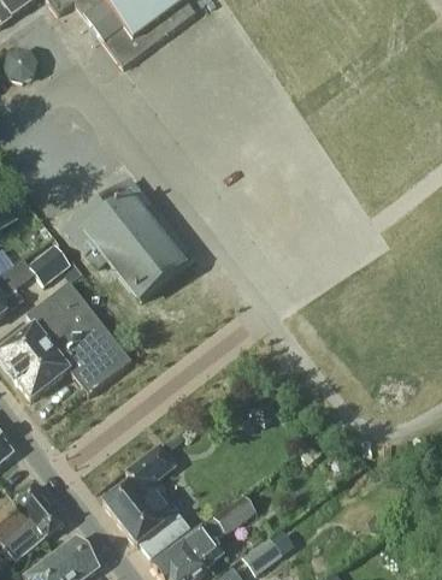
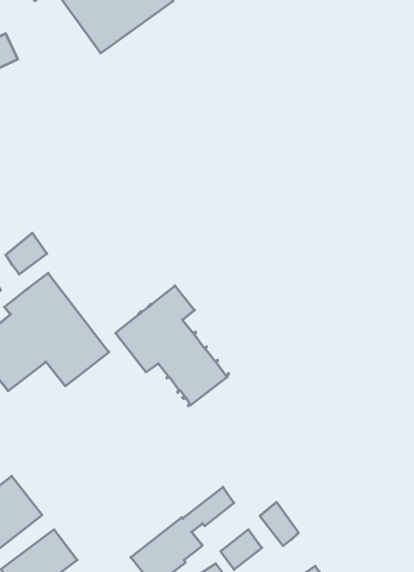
building: [69,179,181,298] -> [116,286,229,406]
building: [102,444,190,558] -> none
building: none -> [260,502,298,546]

